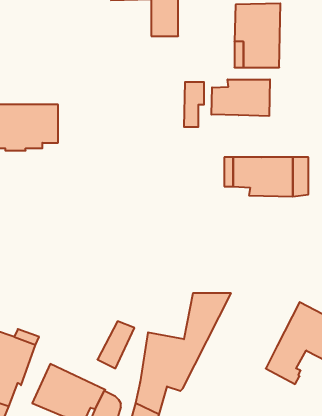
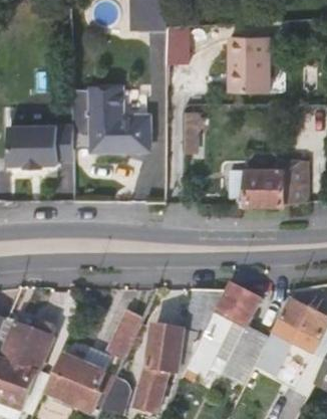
building: none -> [89,89,149,151]
building: [211,79,270,116] -> none
building: none -> [184,284,268,385]

